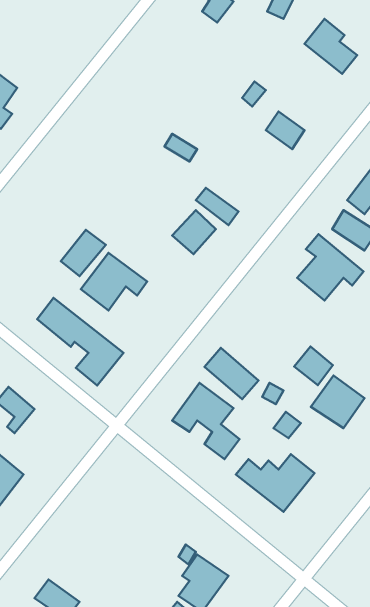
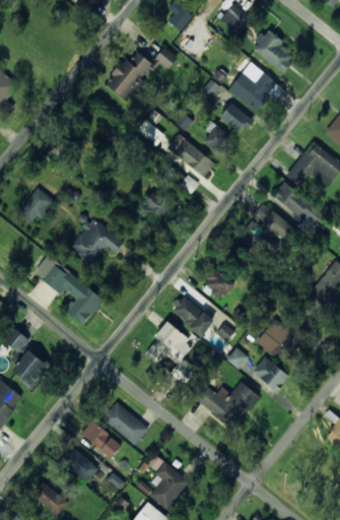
building: none -> [107,48,178,101]
building: none -> [229,62,279,112]
building: none -> [205,126,230,153]
building: none -> [166,135,215,177]
building: [61,230,106,276] -> [17,188,54,225]
building: [294,346,333,385] -> [202,268,233,300]
building: none -> [12,350,49,390]
building: none -> [252,358,289,392]
building: none -> [104,402,149,446]
building: none -> [81,421,122,458]
building: none -> [63,449,99,482]

